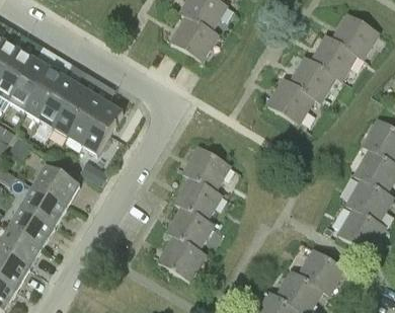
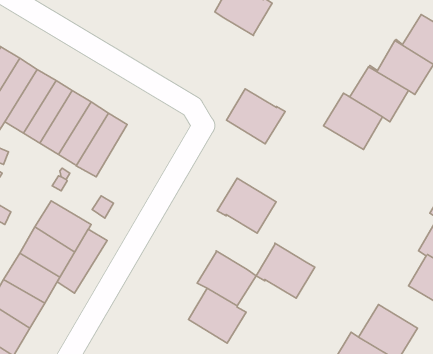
building: [171,16,219,61] -> [226,89,285,144]
building: [84,103,125,155] -> [57,229,107,293]
building: [174,176,222,221] -> [256,243,315,298]

